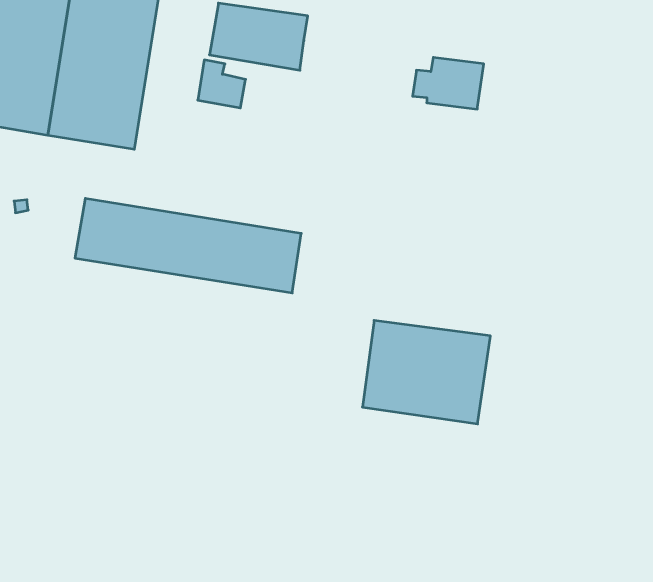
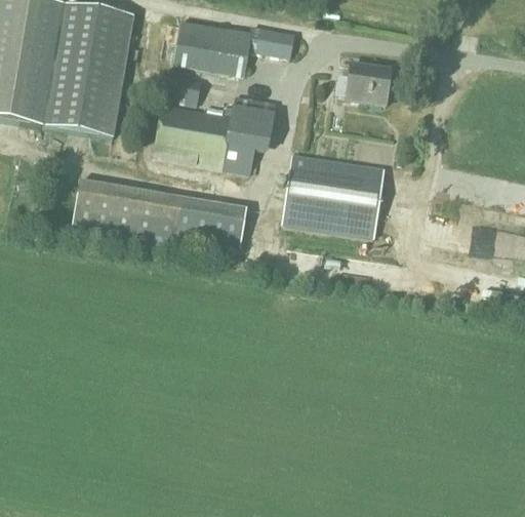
building: none -> [247,25,294,58]
building: none -> [153,96,276,173]
building: [362,320,490,424] -> [283,156,385,238]

